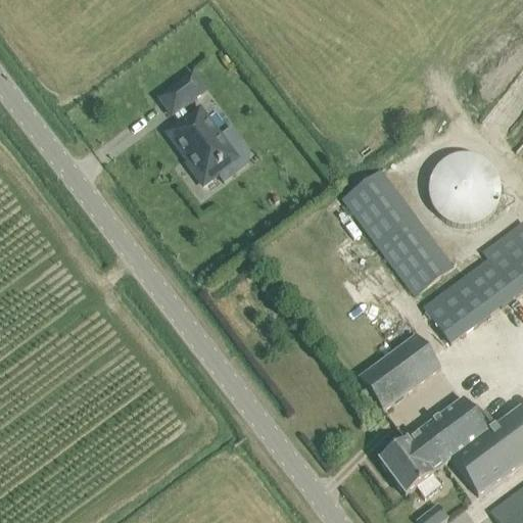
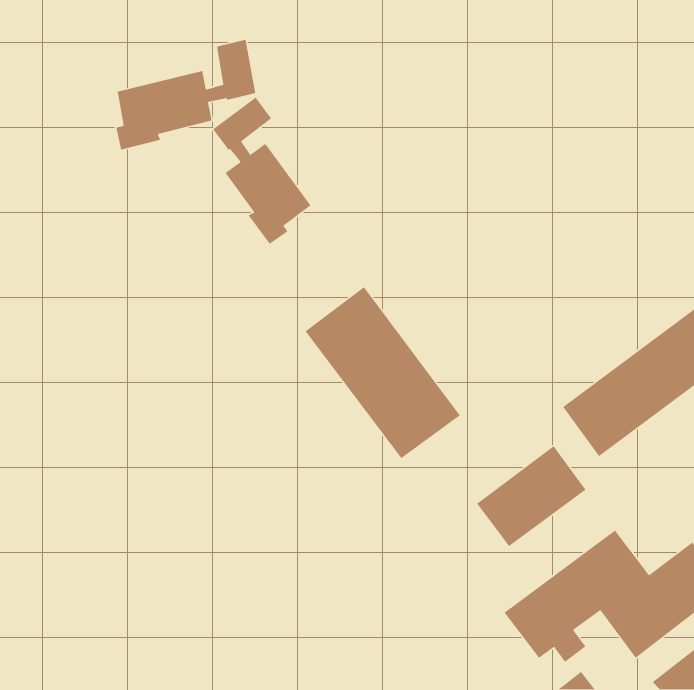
building: none -> [115,39,256,150]
building: [426,149,501,224] -> none
building: [341,164,459,294] -> [304,286,461,459]

